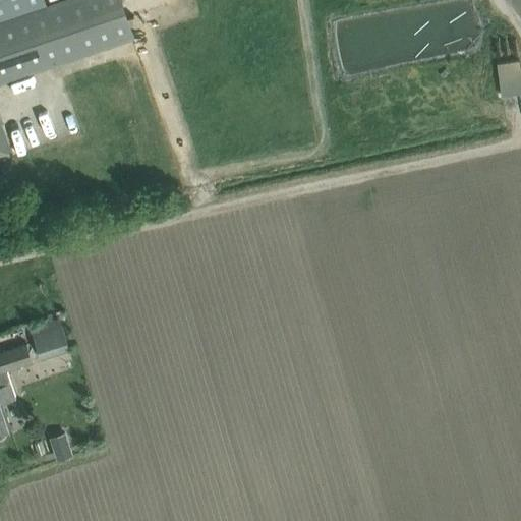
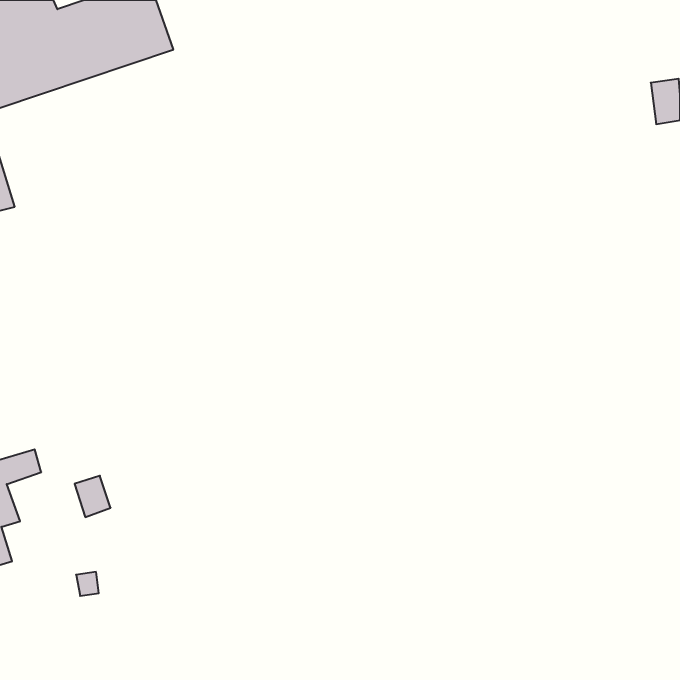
building: [32,328,59,359] -> [75,476,111,517]

